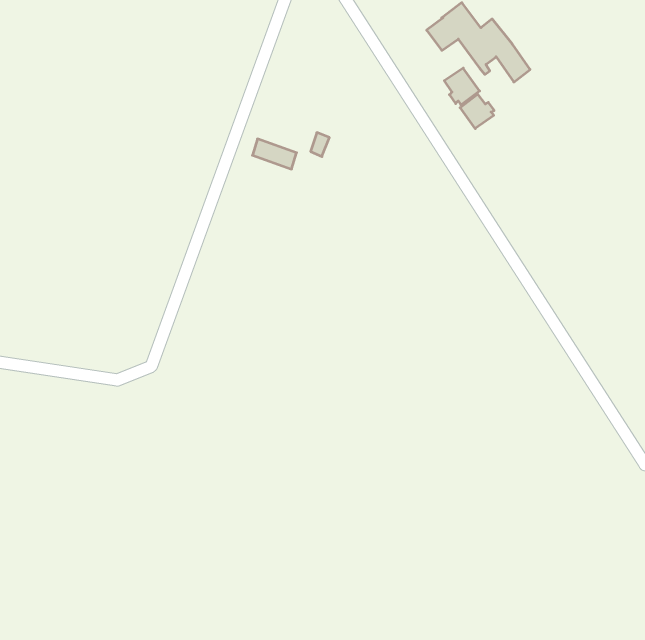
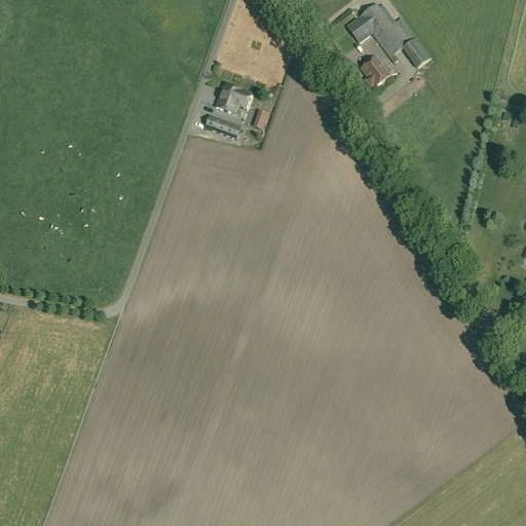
building: [460,94,494,129] -> none
building: none -> [216,83,252,113]

